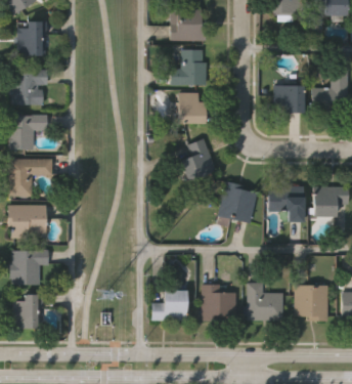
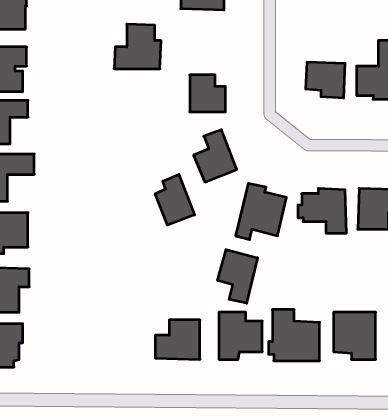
building: [170,50,208,86] -> [114,24,161,69]
building: none -> [155,174,195,225]
building: none -> [218,250,258,303]

